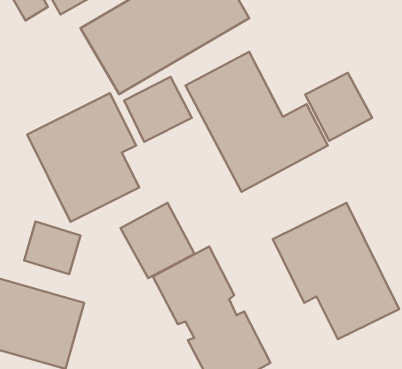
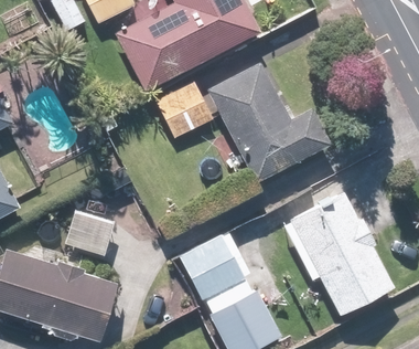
building: [305,73,372,141] -> none
building: [27,93,139,222] -> none
building: [120,203,195,278] -> none

